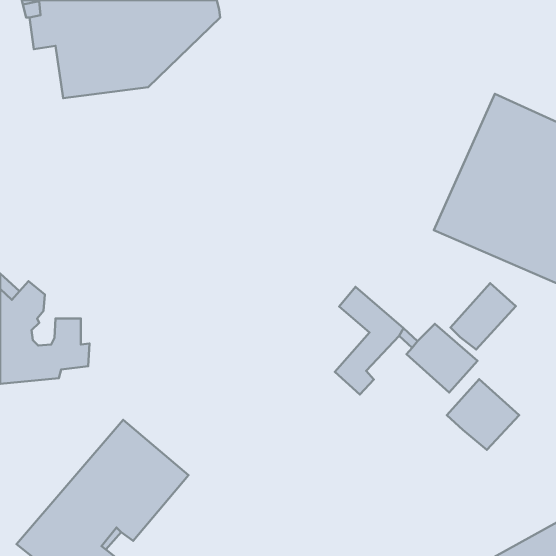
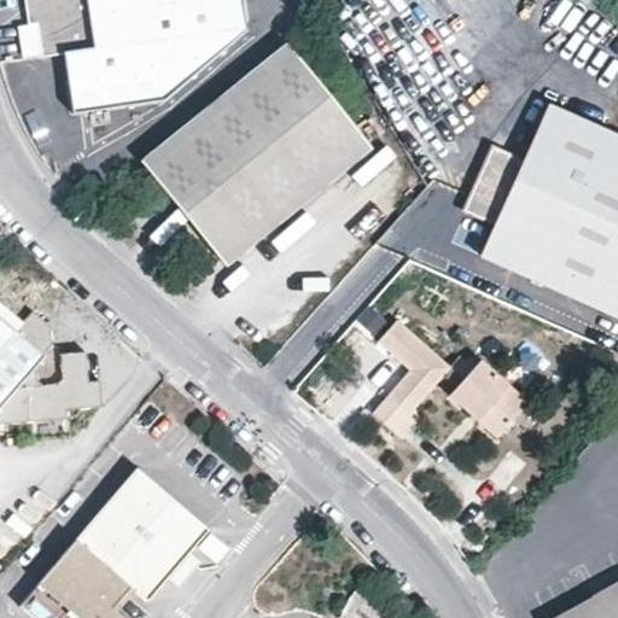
building: none -> [142,42,371,261]
building: [450,283,516,349] -> none
building: [447,379,519,450] -> none

